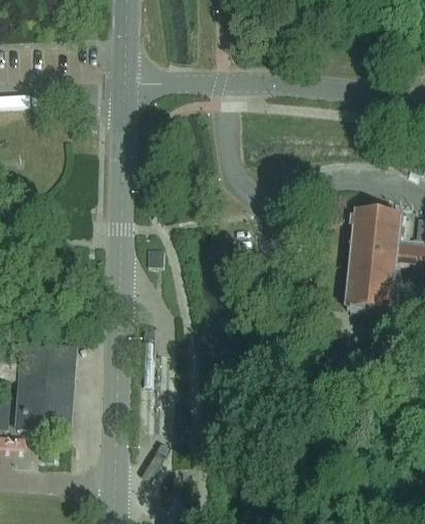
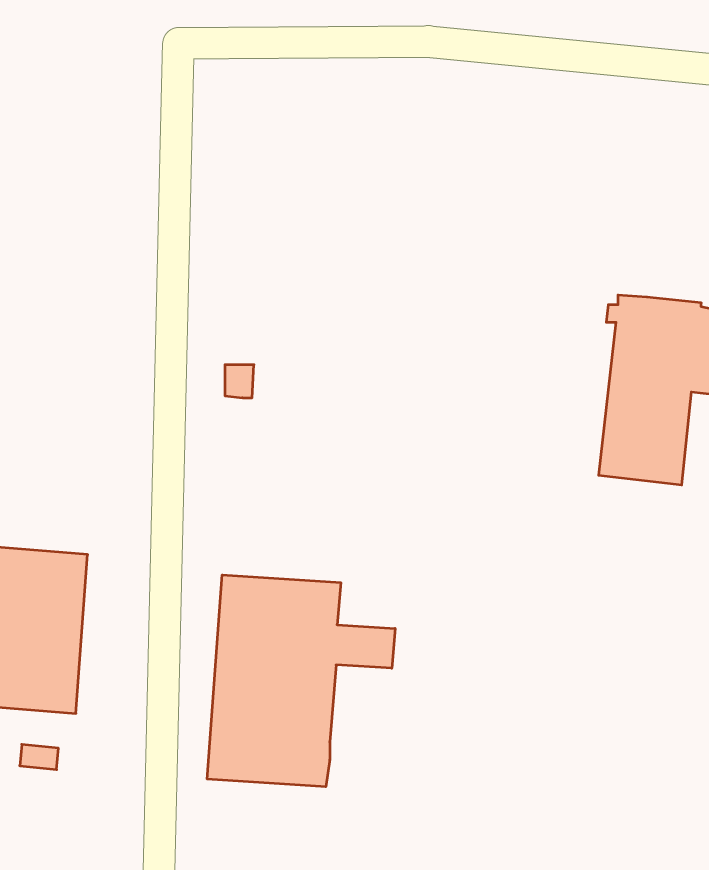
building: none -> [207,575,395,787]

